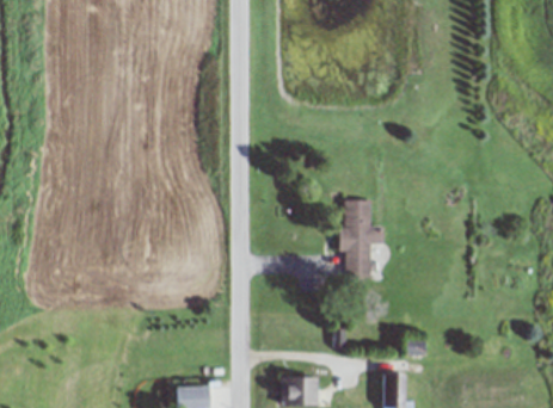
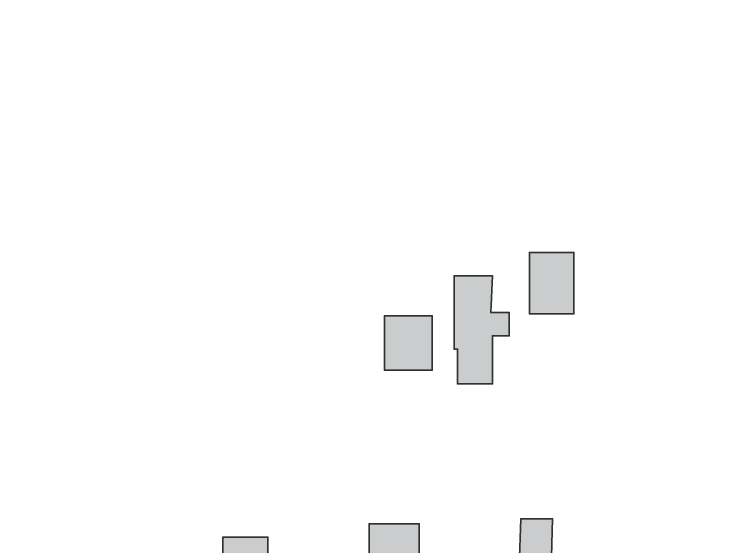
building: none -> [530,252,574,314]
building: none -> [384,316,432,370]

